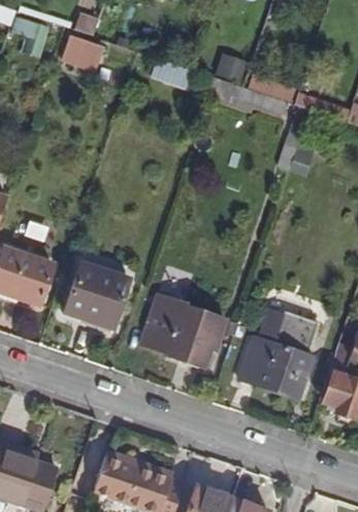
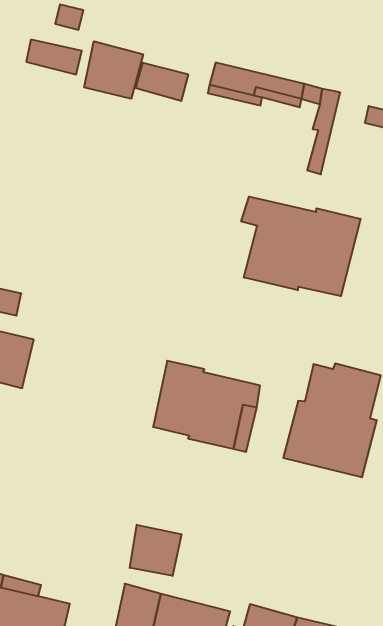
building: none -> [84,41,143,99]
building: none -> [241,197,361,296]
building: [64,257,129,323] -> none
building: none -> [130,525,182,576]

